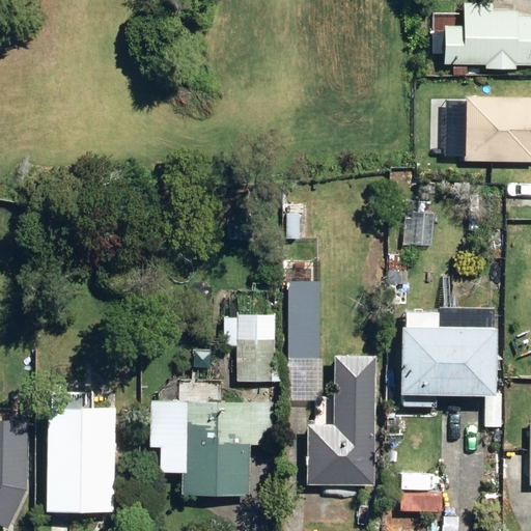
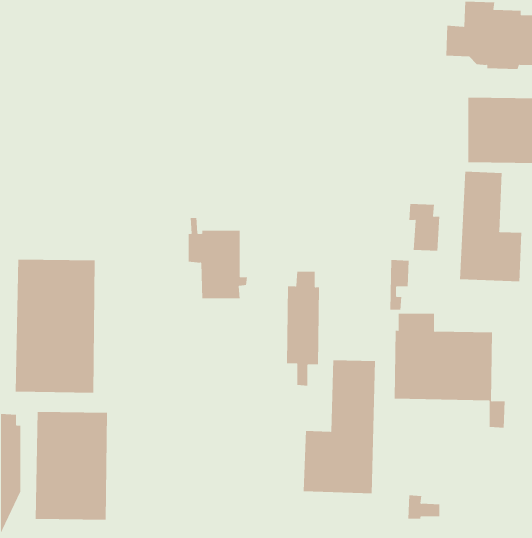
building: none -> [460,171,522,282]
building: none -> [15,259,95,393]
building: [225,302,284,382] -> [188,218,248,299]
building: [148,400,276,497] -> none

